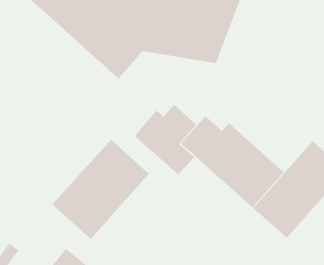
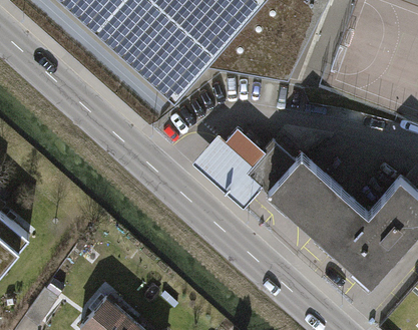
building: [51,139,150,240] -> none

